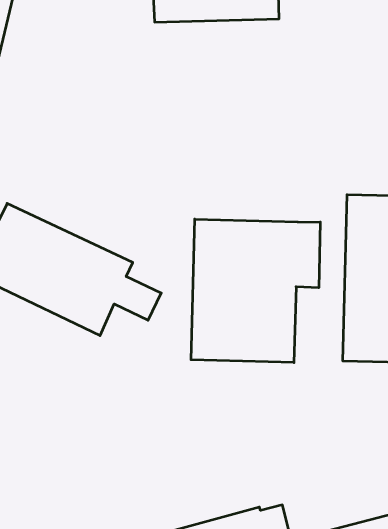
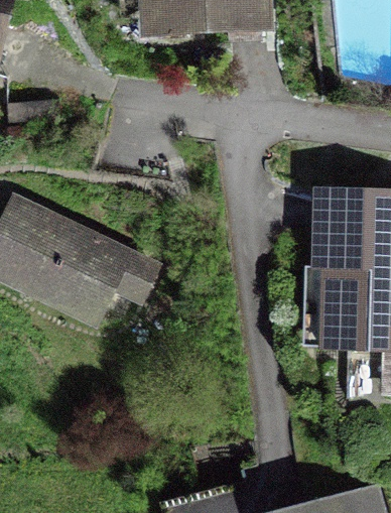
building: [191,219,320,363] -> none

